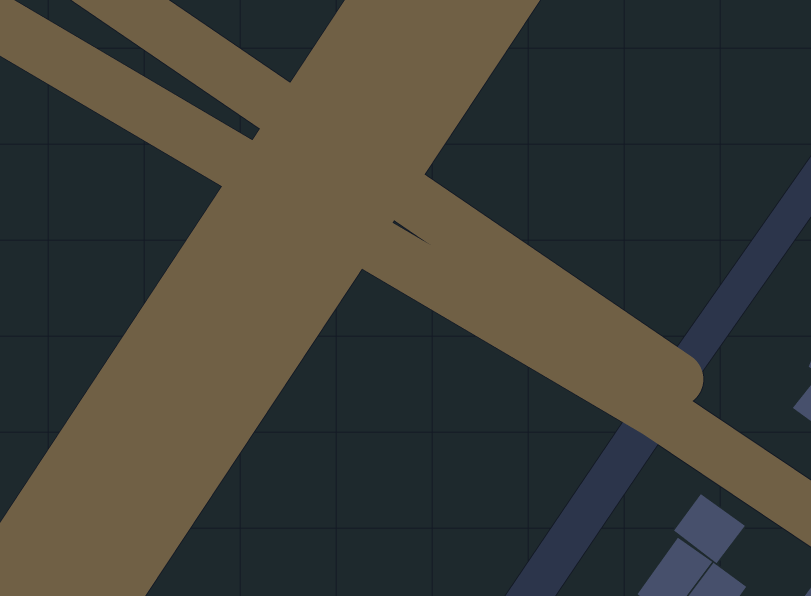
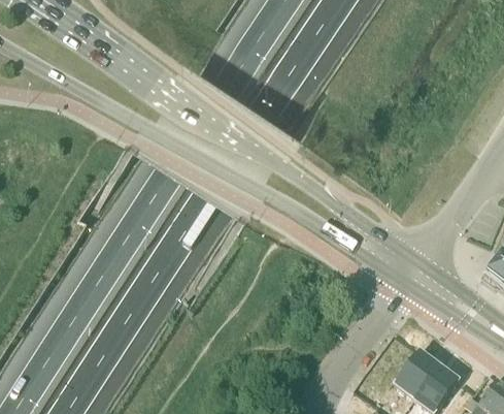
building: [673,493,746,564] -> none

